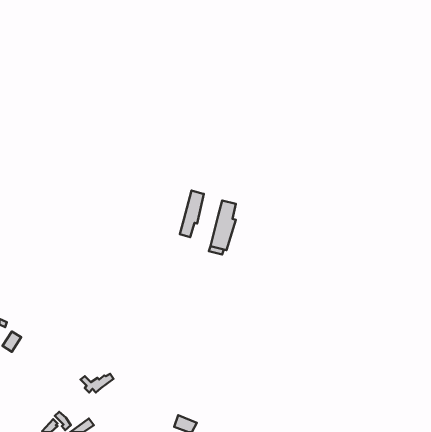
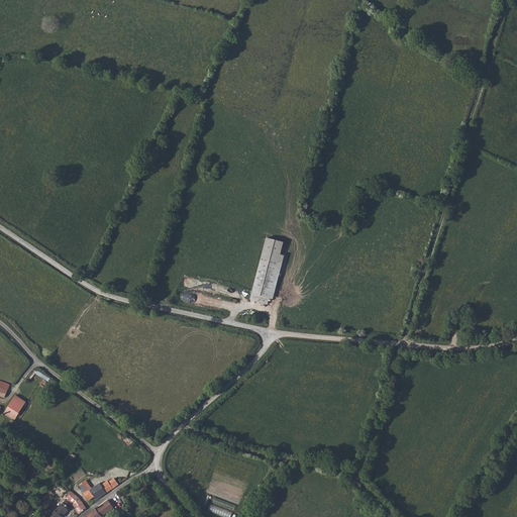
building: [180,190,204,237] -> none
building: [81,374,114,392] -> [78,479,117,501]

